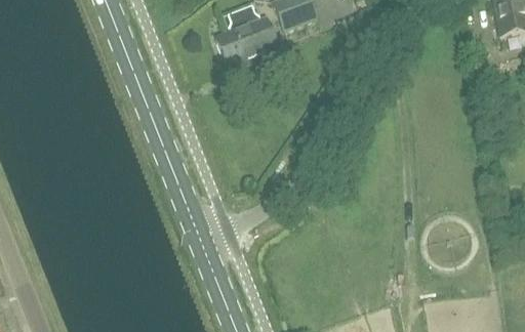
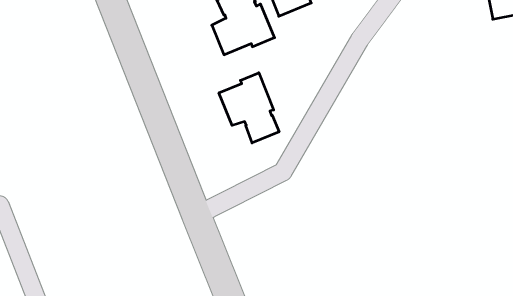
building: none -> [219,73,279,143]

